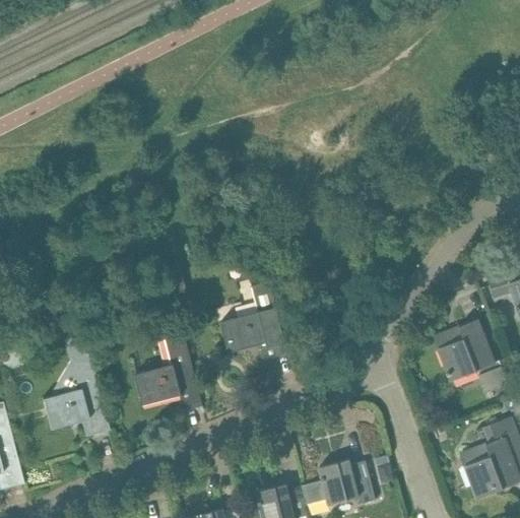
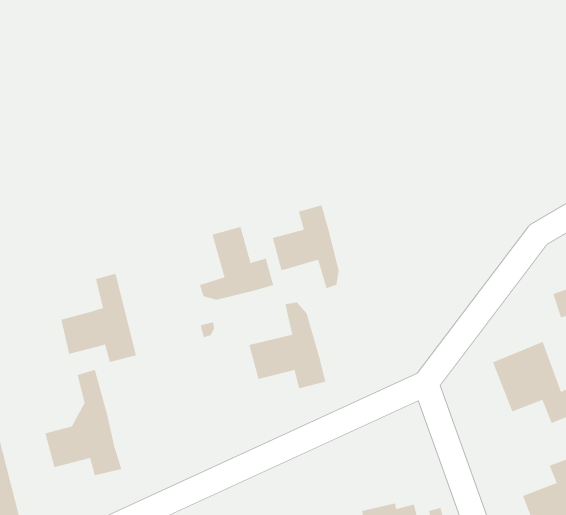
building: none -> [272,204,339,289]
building: none -> [199,226,274,301]
building: [134,334,201,412] -> [60,273,137,363]

